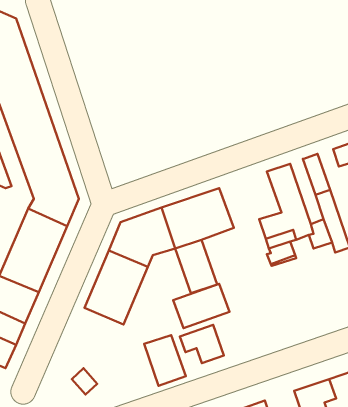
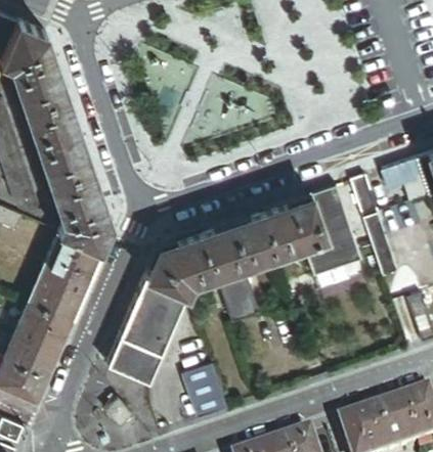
building: none -> [261,192,327,252]
building: [173,284,229,328] -> none
building: none -> [107,335,161,381]
building: [180,325,224,363] -> none

